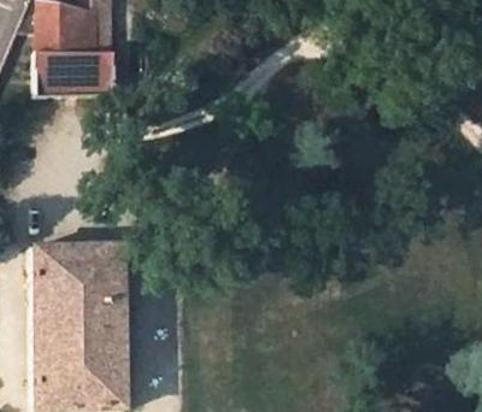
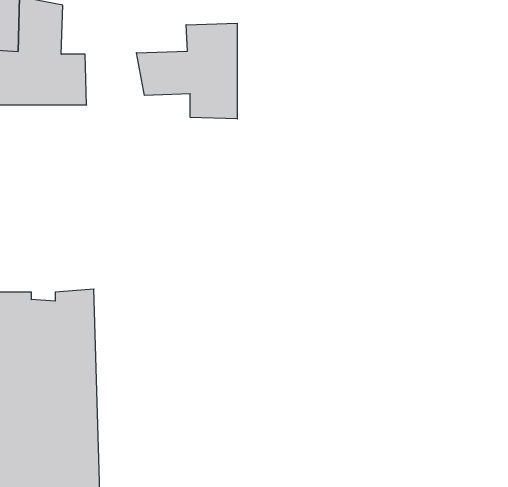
building: none -> [136,23,237,119]

